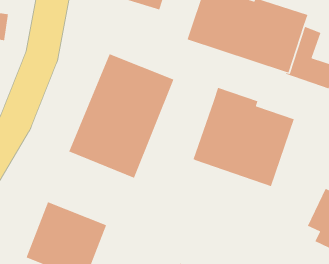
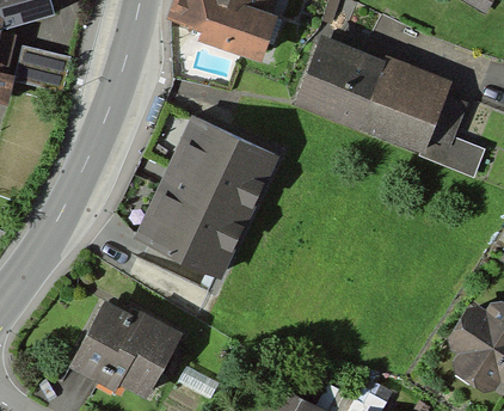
building: [192,87,295,187] -> none

